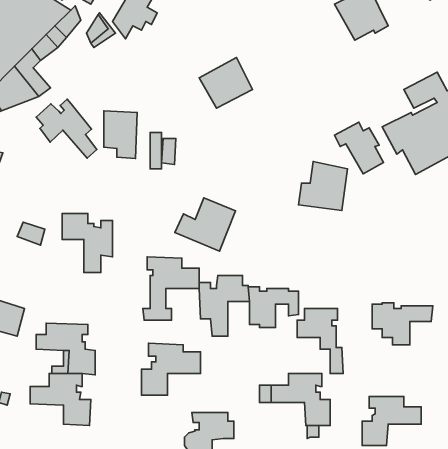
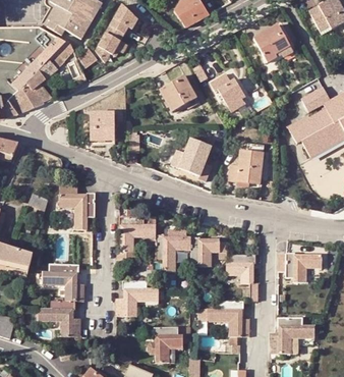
building: [36,99,97,158] -> none
building: [334,122,383,174] -> [207,75,241,112]
building: [175,198,235,251] -> [168,139,211,176]

